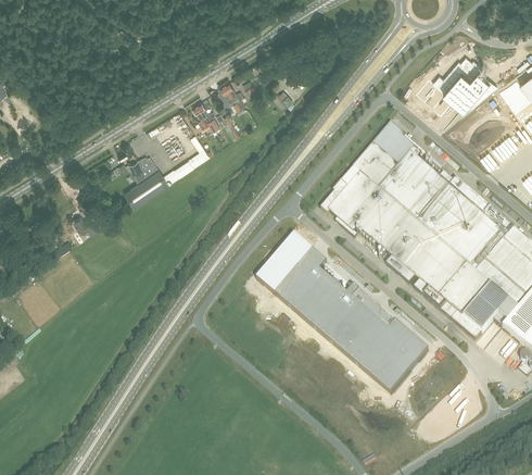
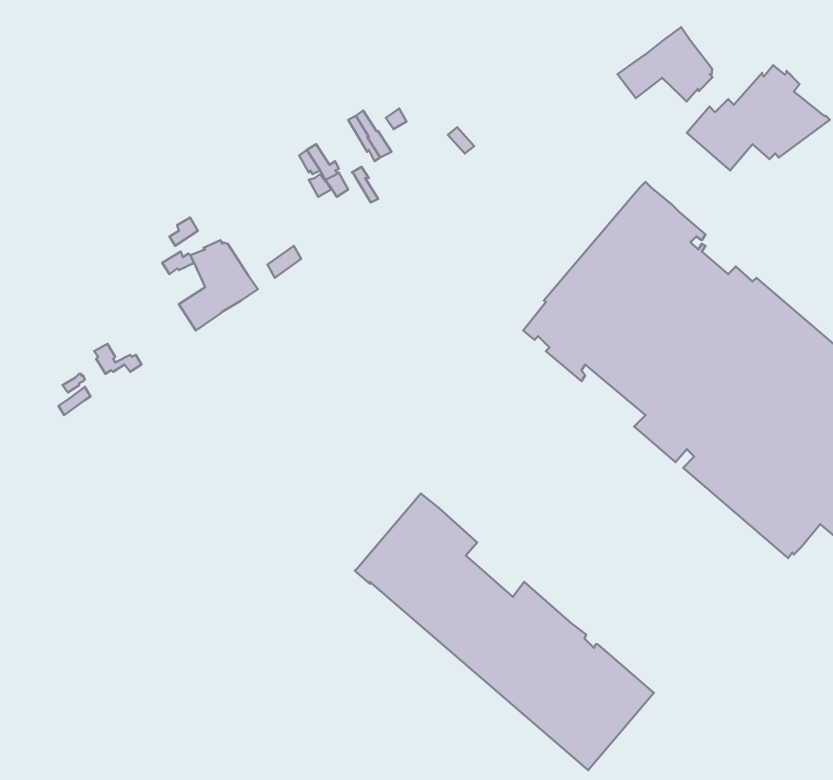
building: none -> [617,27,713,101]
building: [257,233,430,392] -> [355,493,654,770]

